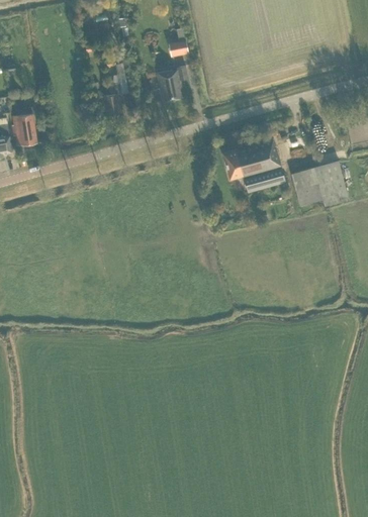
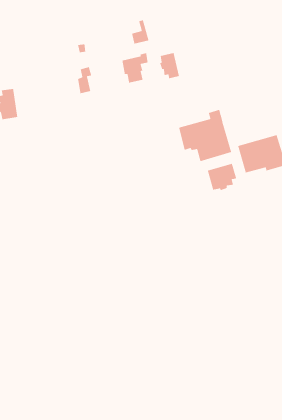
building: none -> [159,52,180,79]
building: none -> [207,163,237,191]

